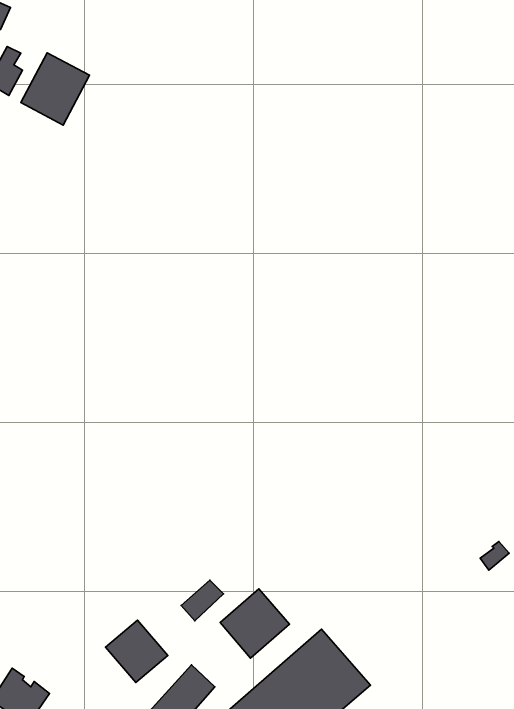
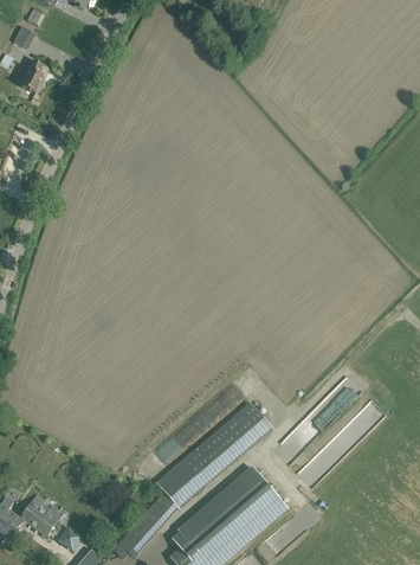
building: [21,53,89,125] -> none
building: none -> [208,398,274,462]
building: [105,620,168,683] -> [159,461,202,505]

